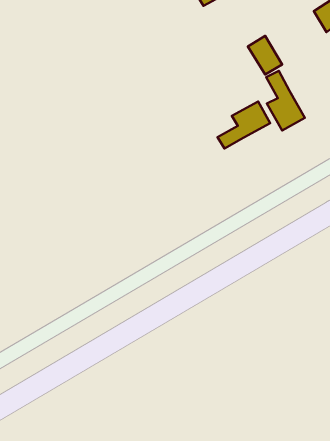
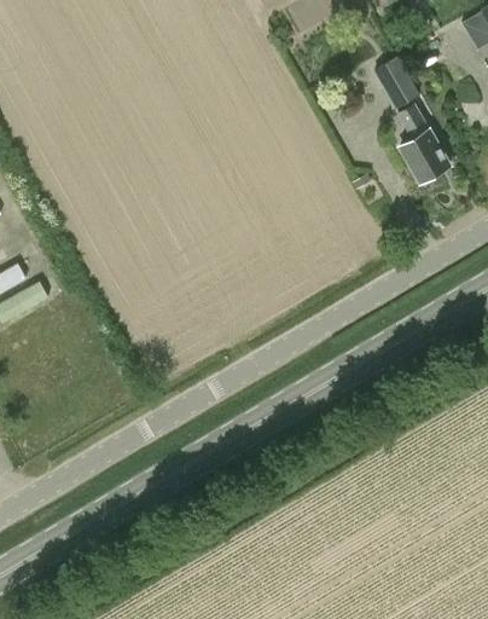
building: [217,101,270,149] -> none

